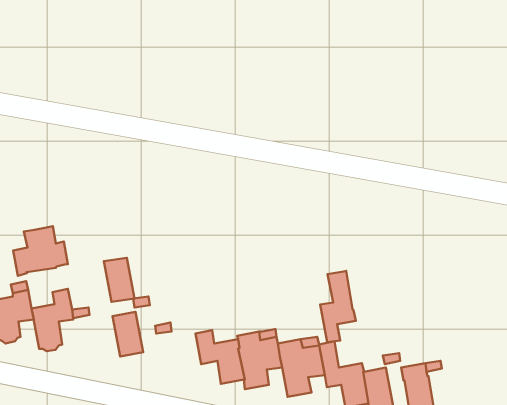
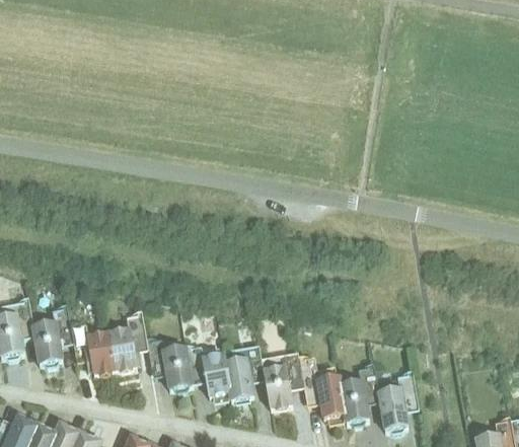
building: [13,226,68,276] -> none
building: [104,258,134,302] -> [86,333,115,374]
building: [320,271,356,342] -> none
building: none -> [162,348,192,391]

